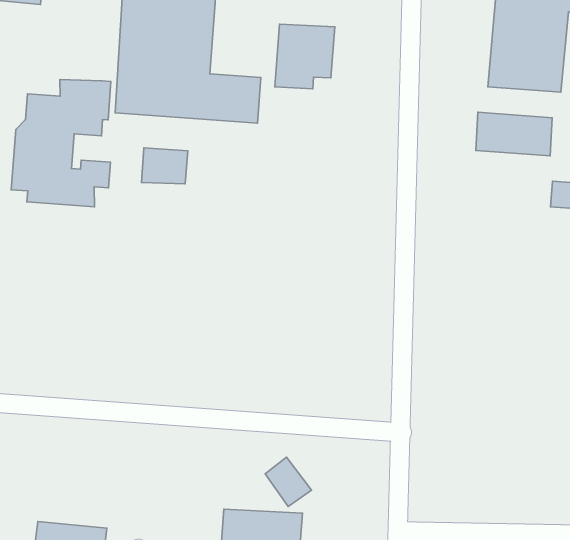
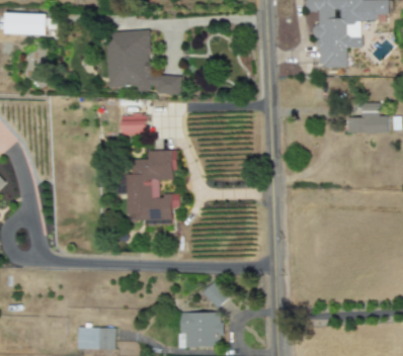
building: [275,24,335,89] -> none
building: [11,80,111,207] -> [126,150,179,219]
building: [476,112,552,156] -> none

